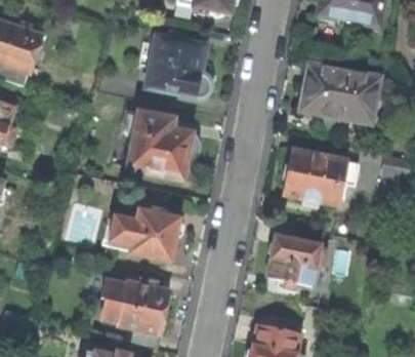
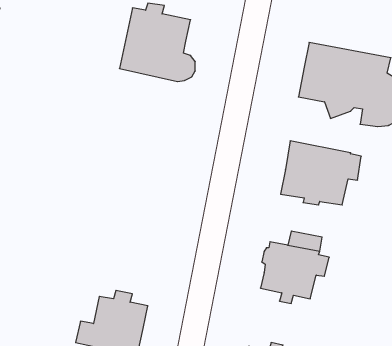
building: [122,111,196,180] -> none
building: [107,207,182,261] -> none

